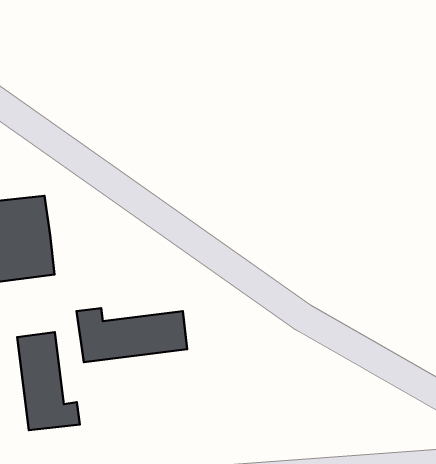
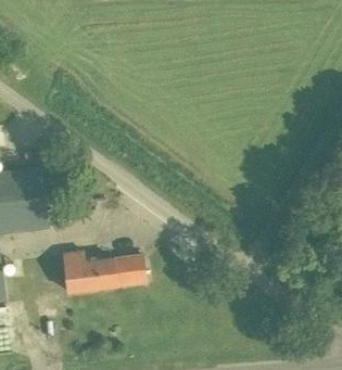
building: [17,332,80,430] -> none

